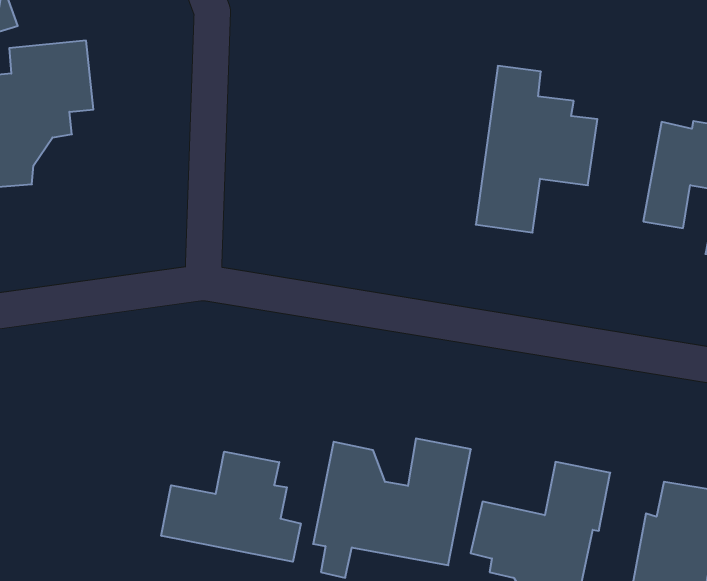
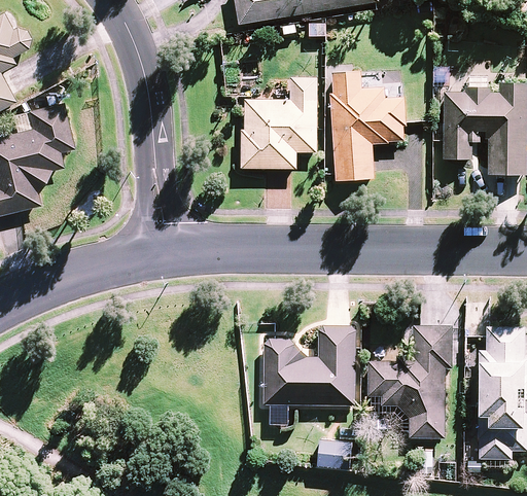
building: none -> [242,78,319,170]
building: [161,452,301,562] -> none

